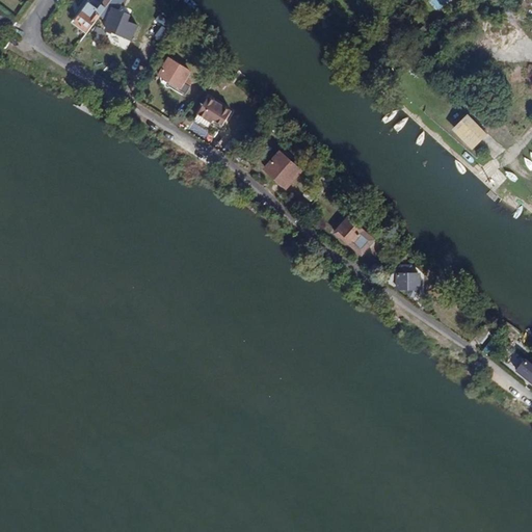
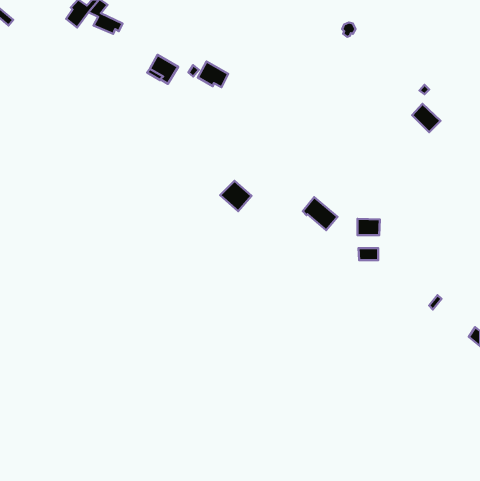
building: [192,95,225,123] -> [198,62,228,87]
building: [264,153,298,186] -> [220,181,251,211]
building: none -> [358,219,380,235]

